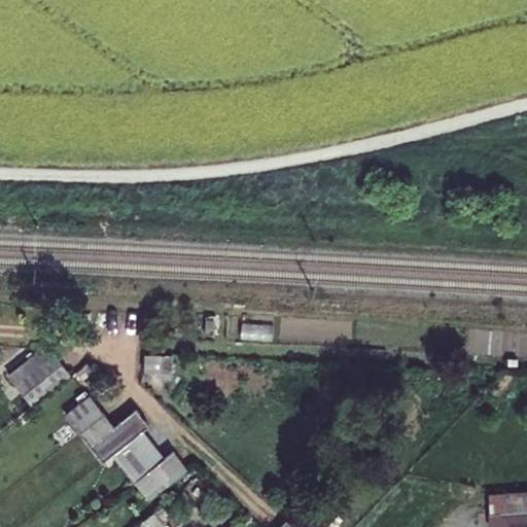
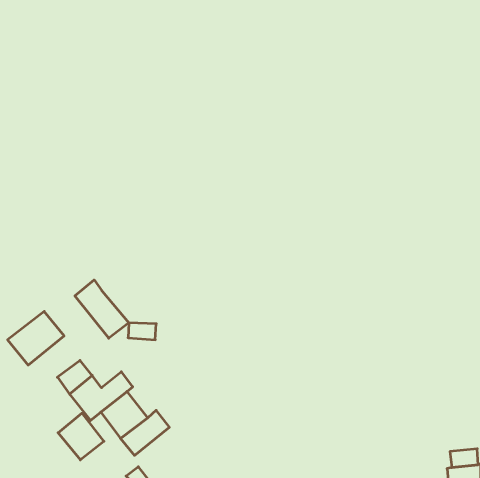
building: none -> [75,280,129,338]
building: none -> [58,413,104,460]

